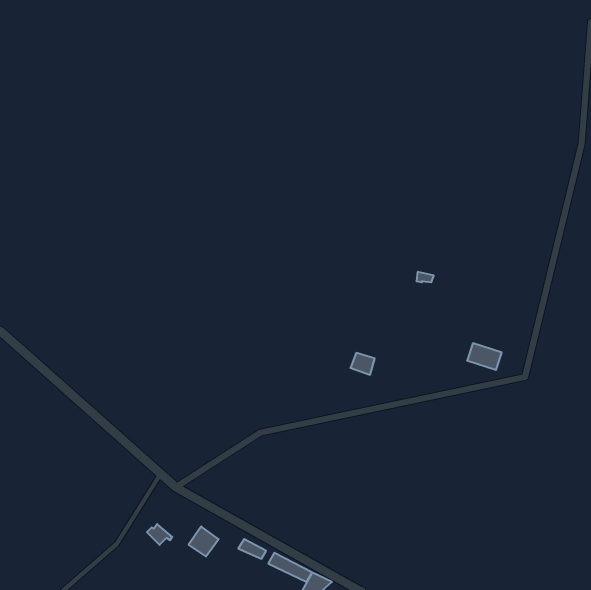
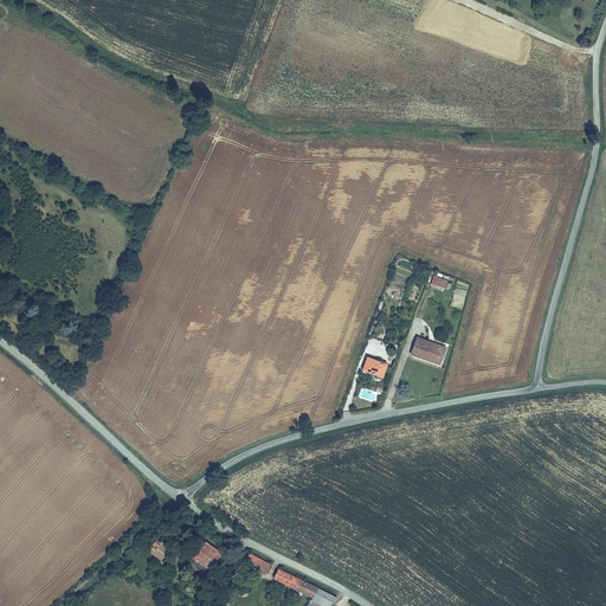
building: [467,343,502,370] -> [408,340,444,367]

